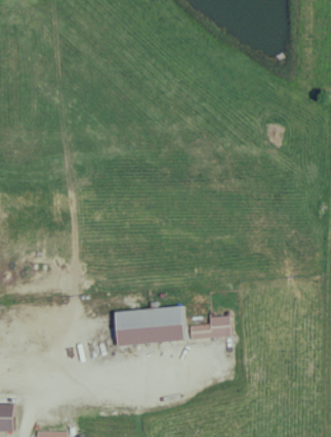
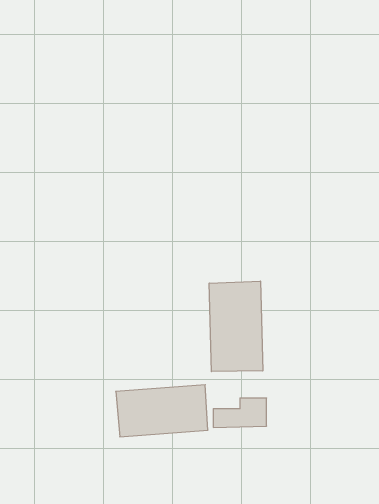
building: none -> [209,281,263,372]

